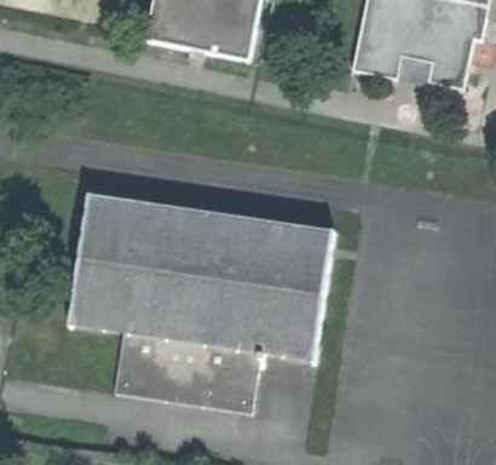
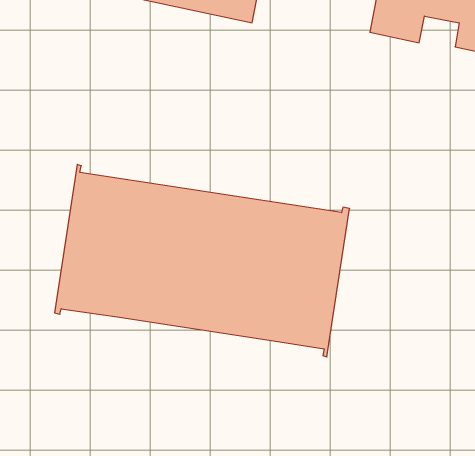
building: [114,327,265,409] -> none

